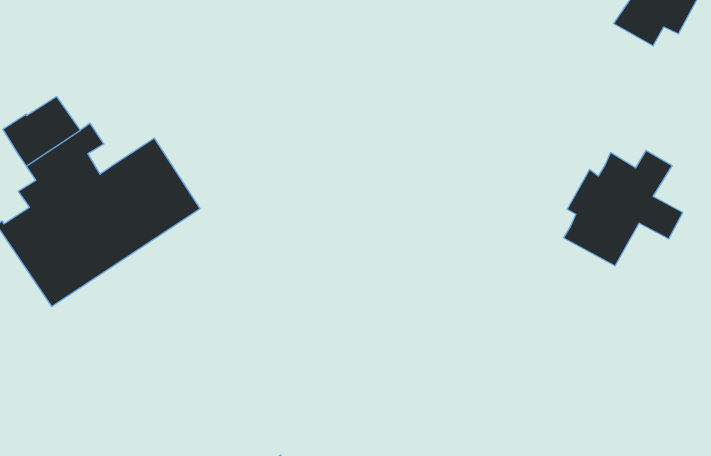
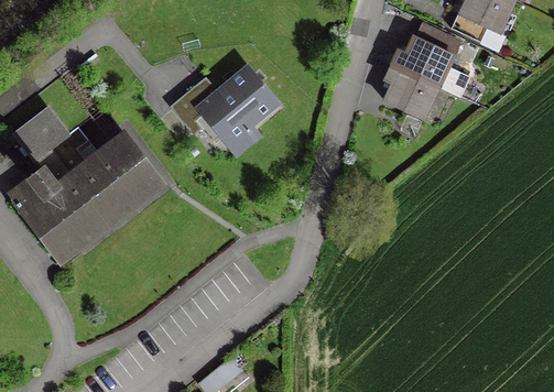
building: none -> [173,67,278,145]
building: [564,150,683,266] -> [383,34,468,119]

